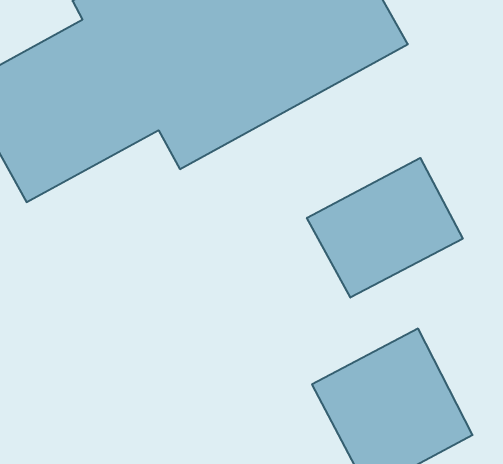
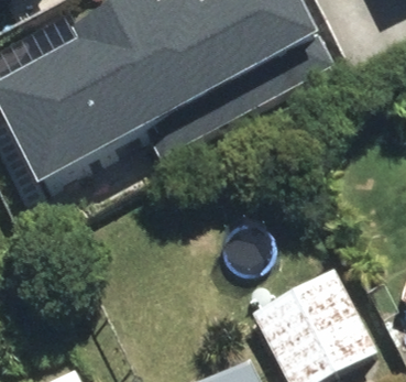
building: [307,158,463,298] -> none

